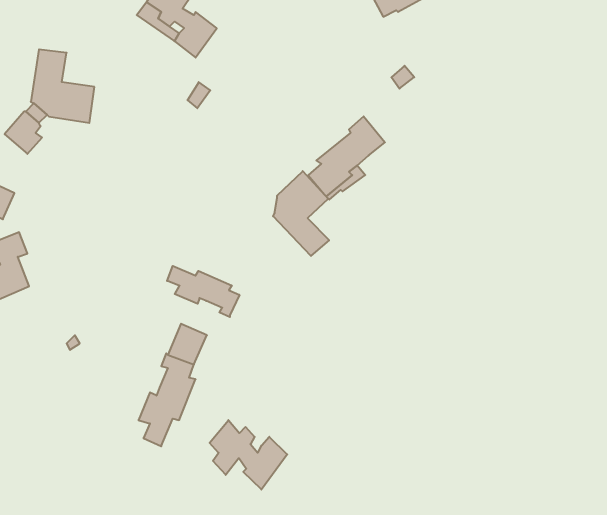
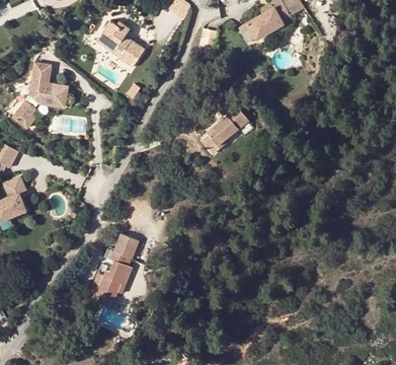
building: [273,171,329,256] -> none
building: [167,266,239,317] -> none
building: [210,420,287,490] -> none

